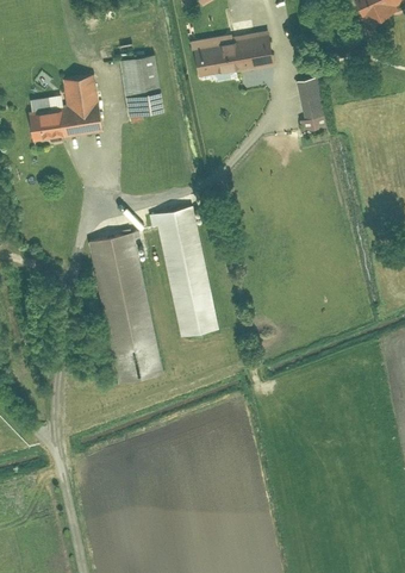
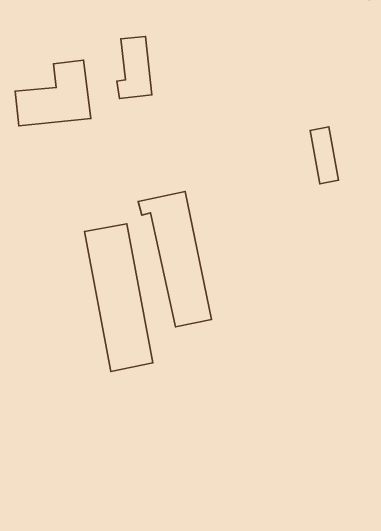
building: [193,35,269,76] -> none
building: [297,75,324,130] -> [310,127,339,184]

